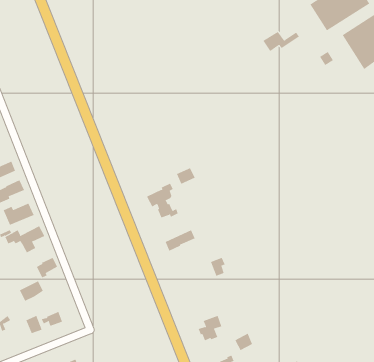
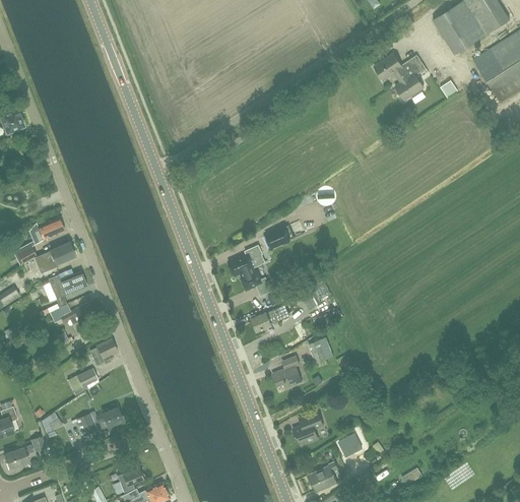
building: none -> [395,61,426,101]
building: none -> [272,356,302,388]

